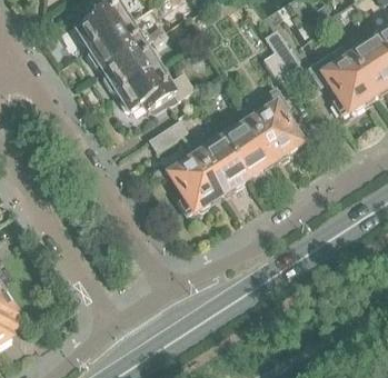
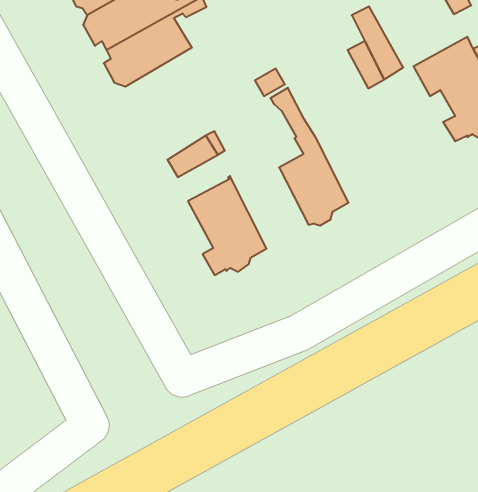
building: [118,64,195,112] -> none
building: [242,86,306,160] -> none
building: [191,133,246,195] -> none

